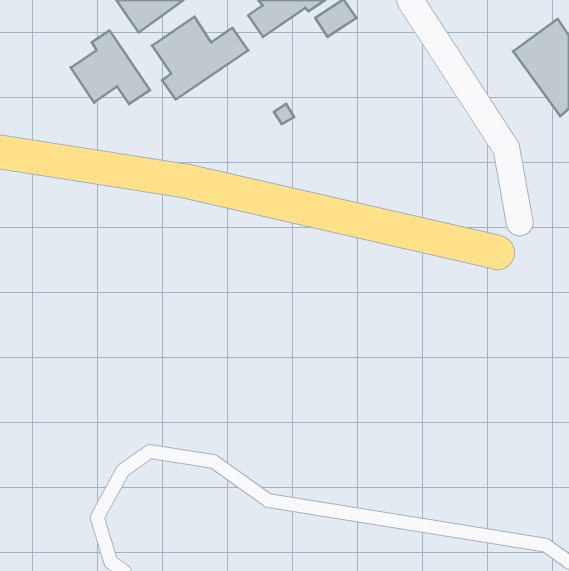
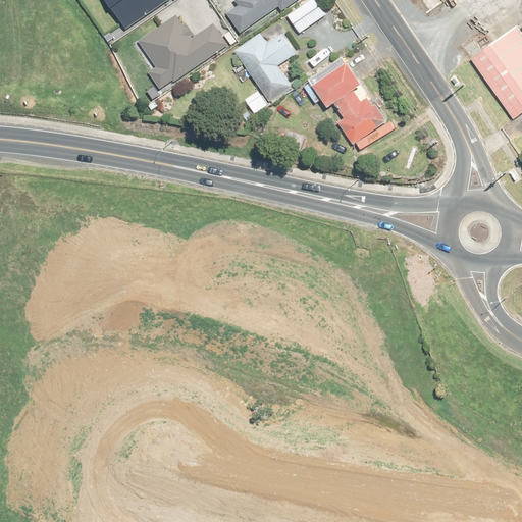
building: none -> [236,24,297,102]
building: [71,31,150,104] -> none
building: none -> [310,58,386,145]

